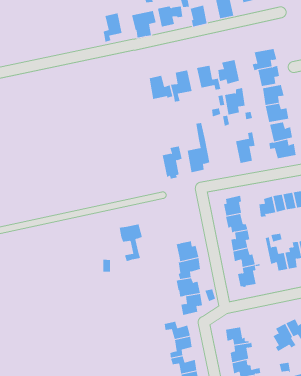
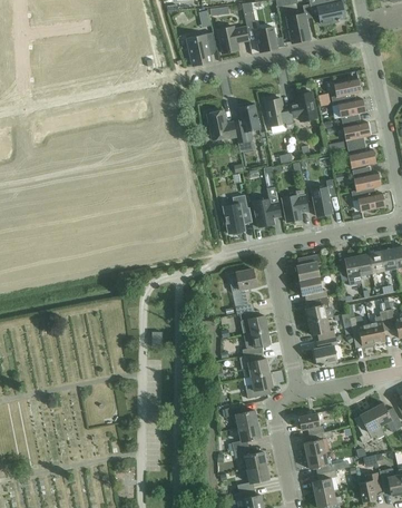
building: [103,12,122,43] -> none
building: [224,87,245,115] -> [282,188,307,222]
building: [119,224,143,262] -> [227,268,256,314]

